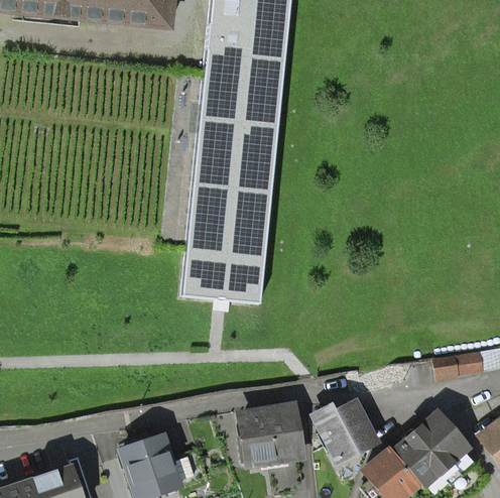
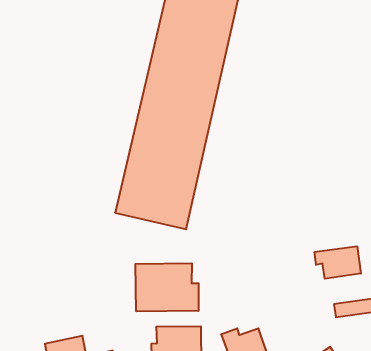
building: none -> [315,246,361,279]
building: none -> [135,263,199,311]

